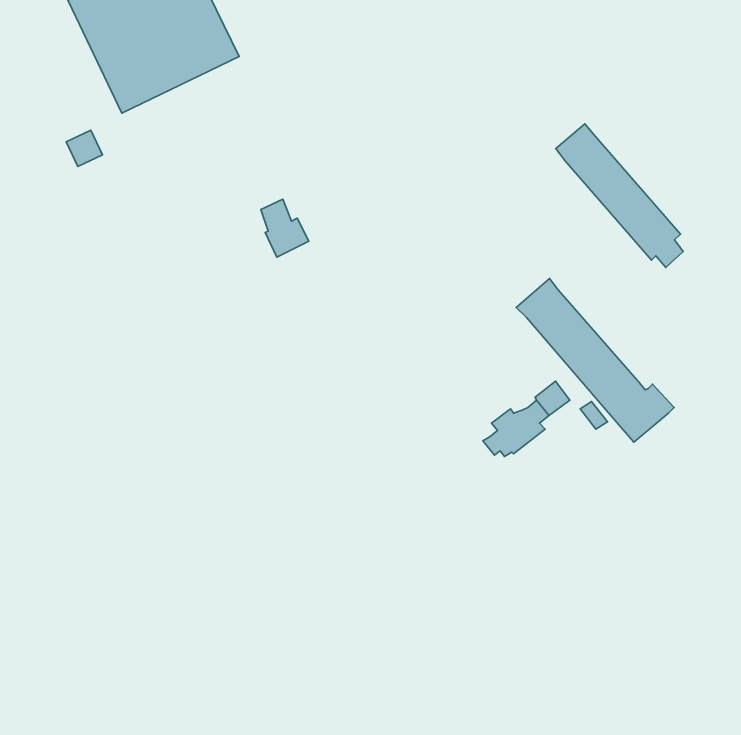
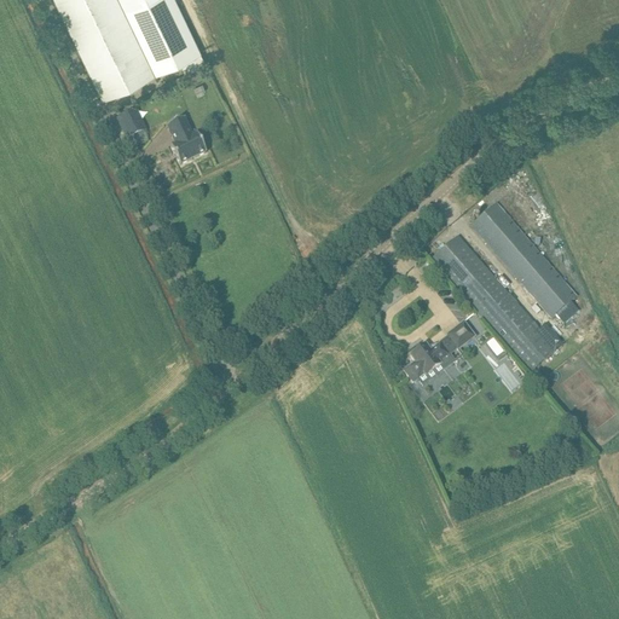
building: [556,124,683,267] -> [472,201,578,320]
building: [66,130,102,167] -> [116,105,146,135]
building: [261,199,309,257] -> [167,114,207,162]

